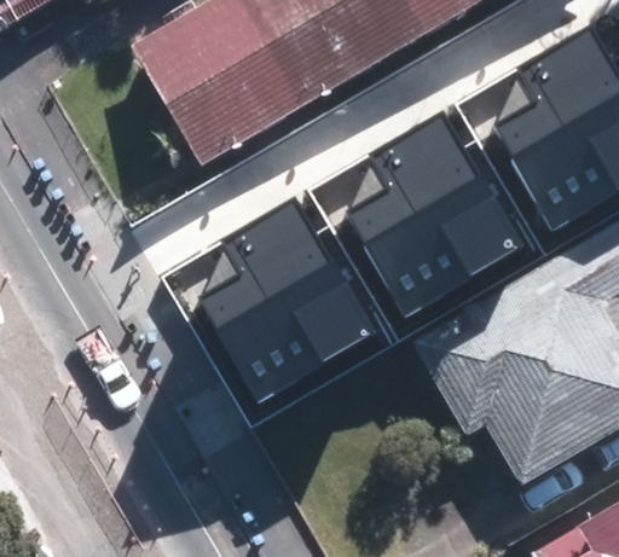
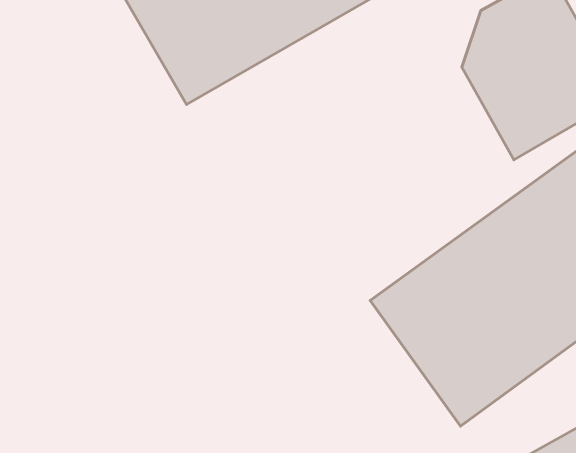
building: [349,104,521,304] -> none
building: [203,190,376,390] -> none

